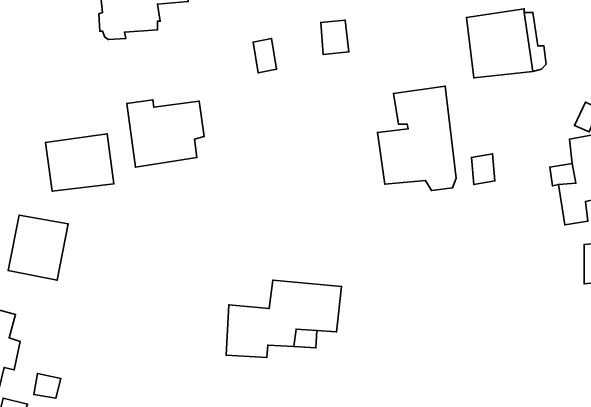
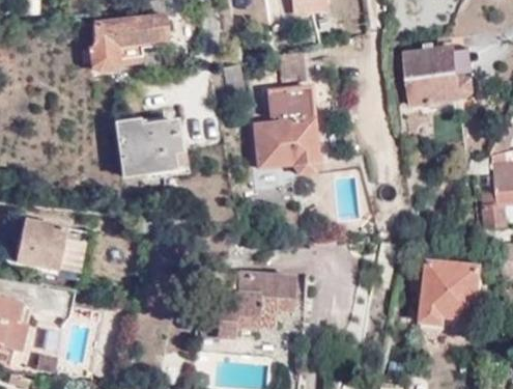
building: [378,86,456,190] -> [253,87,319,175]
building: [45,134,114,191] -> none
building: none -> [423,257,484,333]

